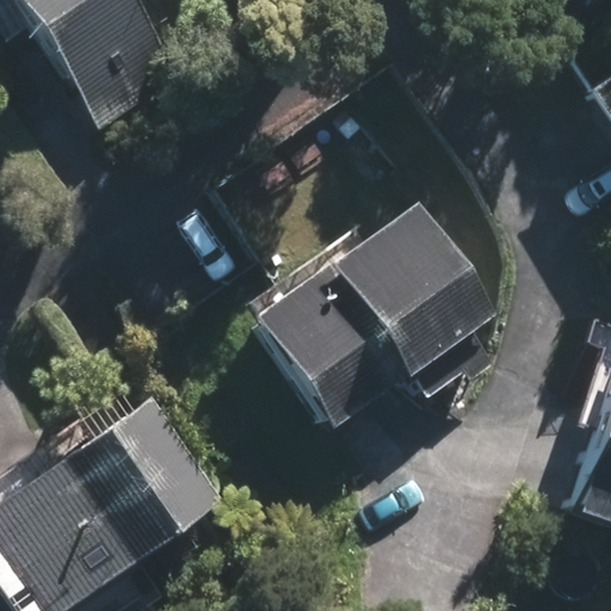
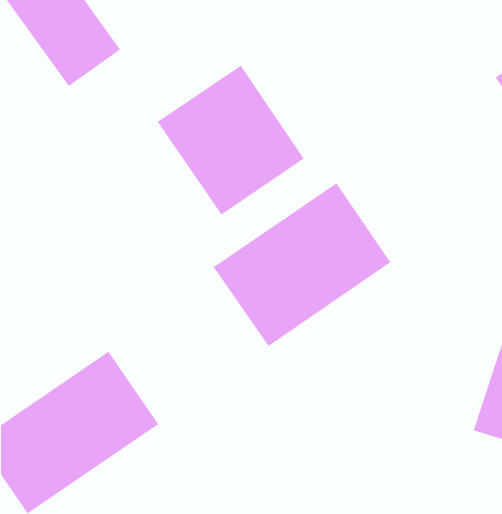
building: none -> [157,65,304,216]

